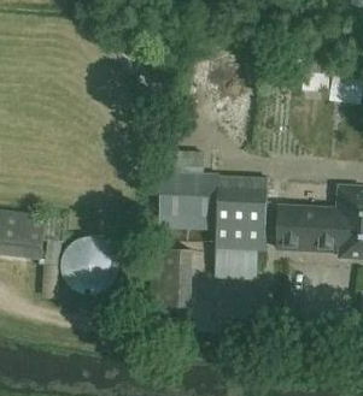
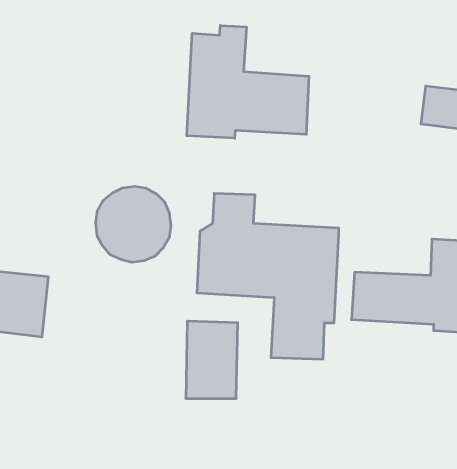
building: none -> [187,25,309,138]
building: [60,237,118,295] -> [95,186,171,262]

